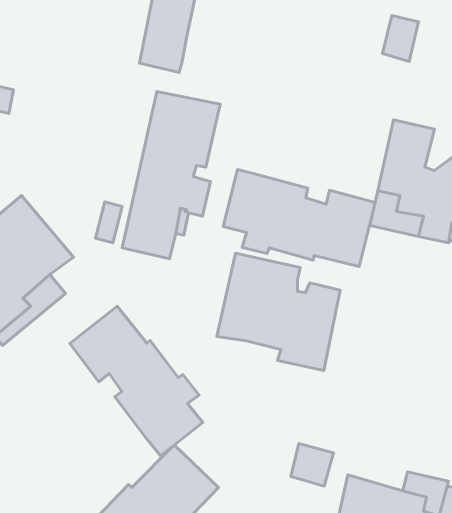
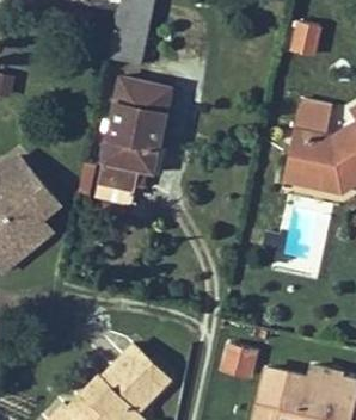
building: [223,170,375,267] -> none
building: [217,253,340,370] -> none
building: [70,306,203,456] -> none

